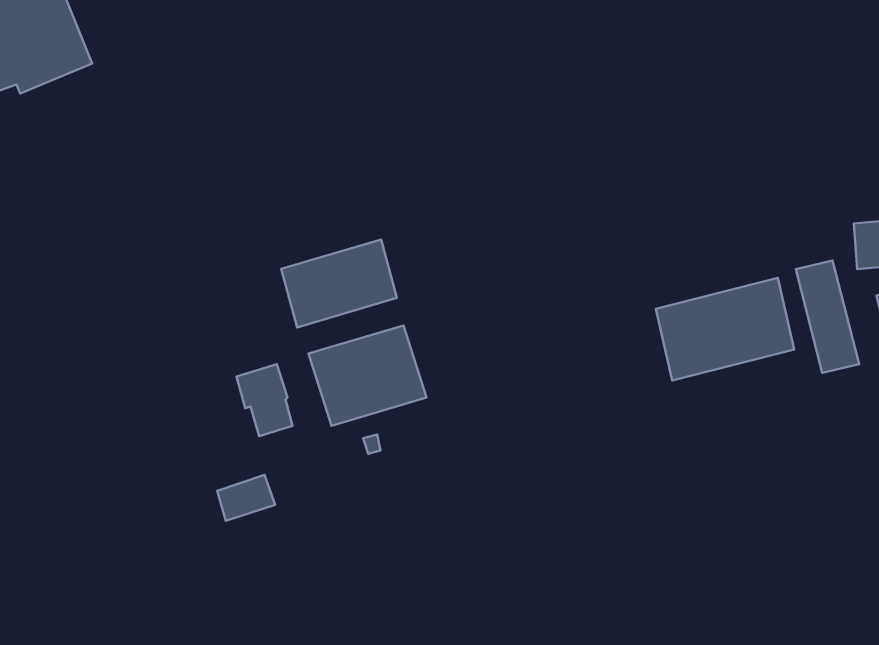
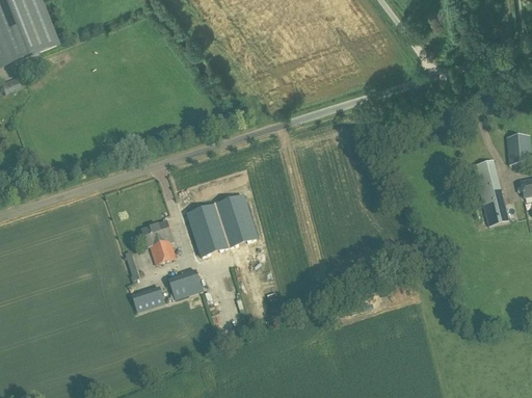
building: [281,239,397,327] -> none
building: [656,278,794,381] -> none
building: none -> [168,267,204,298]

